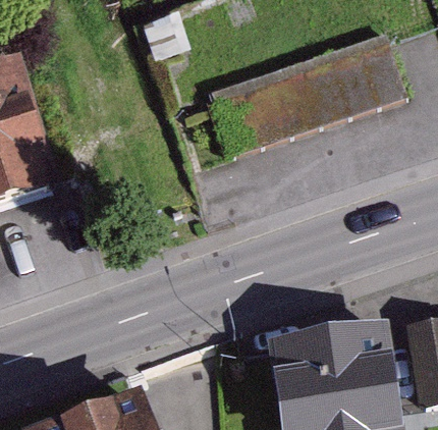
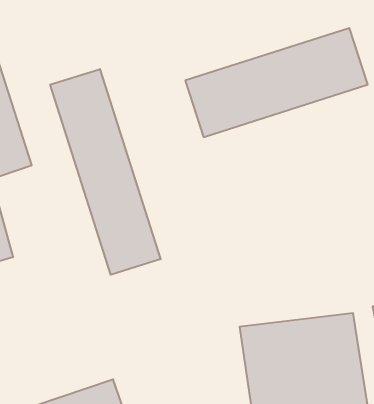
building: none -> [50,69,161,275]

